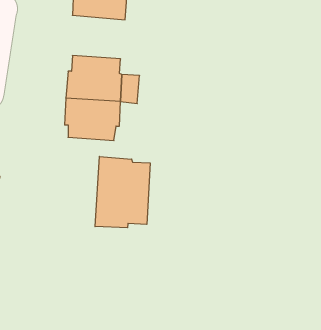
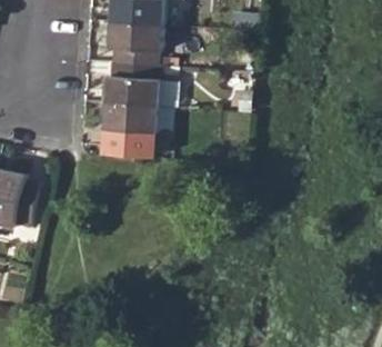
building: none -> [107,21,162,65]
building: [95,156,150,228] -> none

